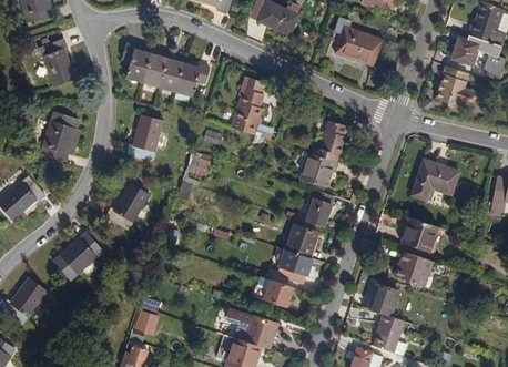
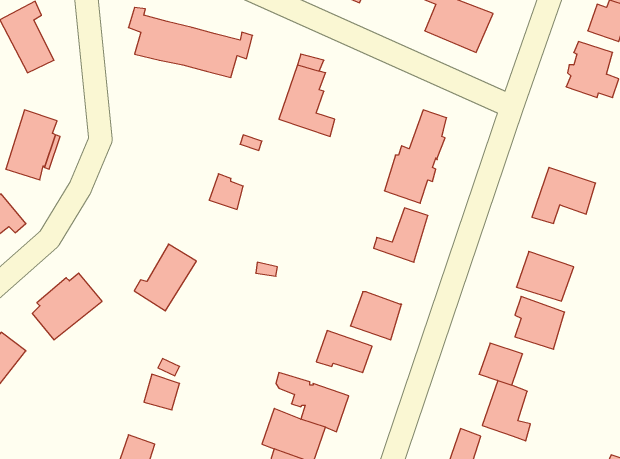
building: [126,109,165,155] -> none
building: [106,179,151,226] -> [134,244,196,311]
building: [292,221,324,254] -> none

